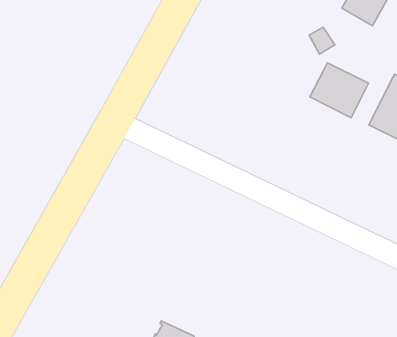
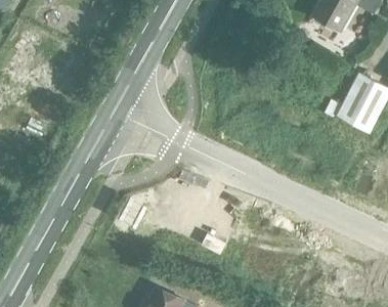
building: [310,63,368,118] -> none

